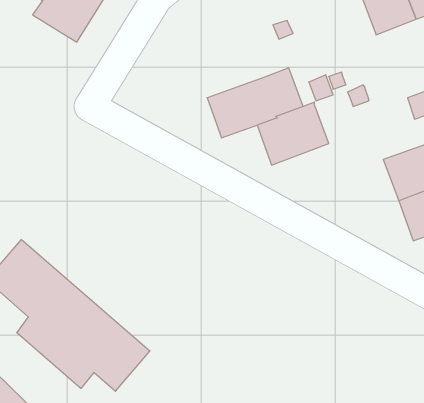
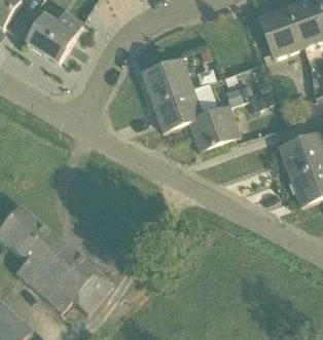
building: none -> [140,58,191,102]

